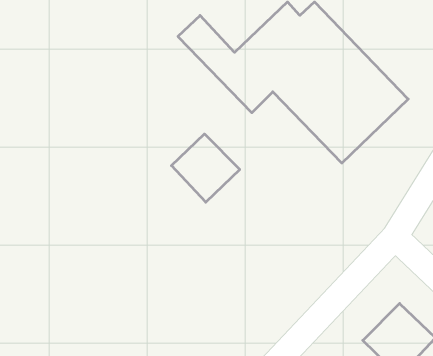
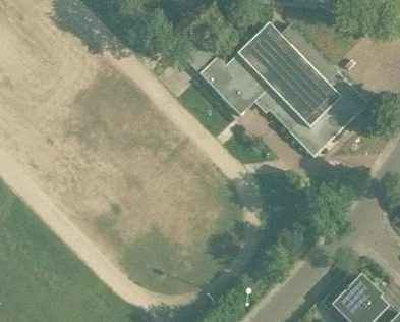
building: [171,134,240,202] -> none

